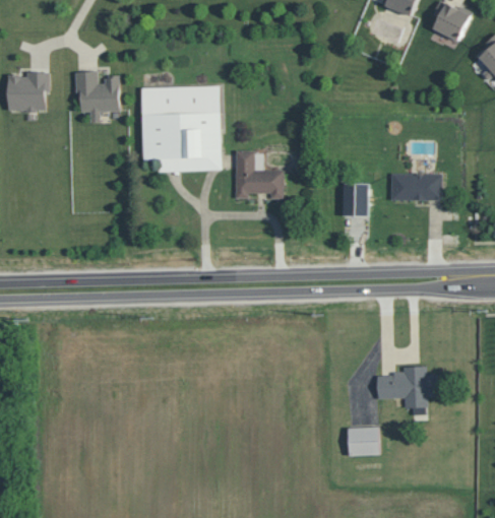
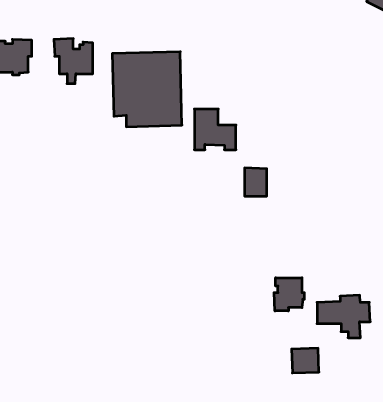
building: [390,173,441,201] -> none
building: [343,183,368,215] -> [245,168,267,196]
building: none -> [274,278,304,311]

